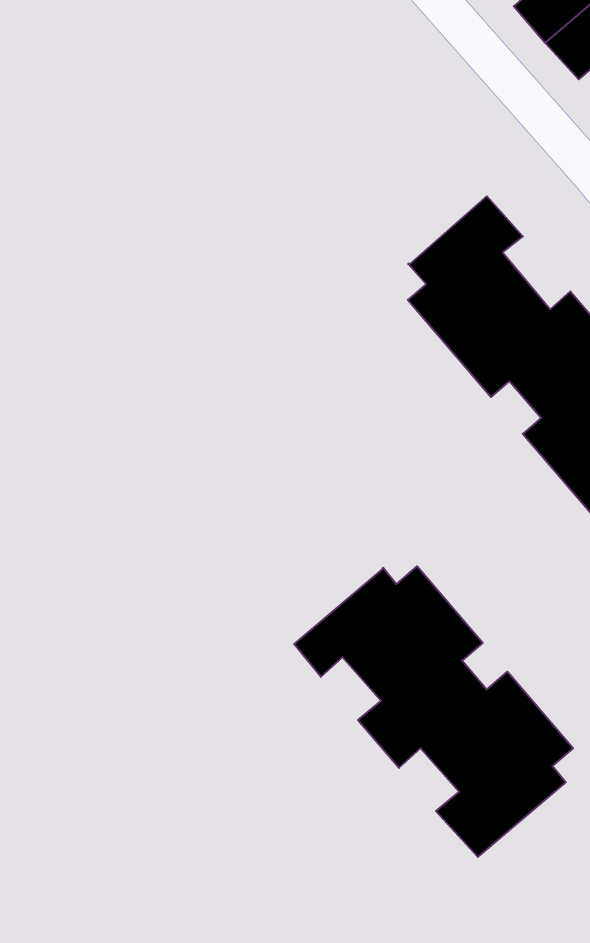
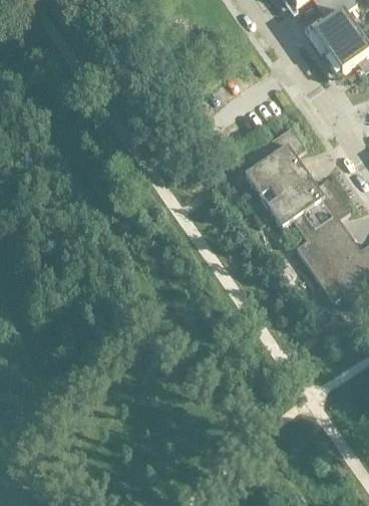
building: [294,566,573,857] -> none

